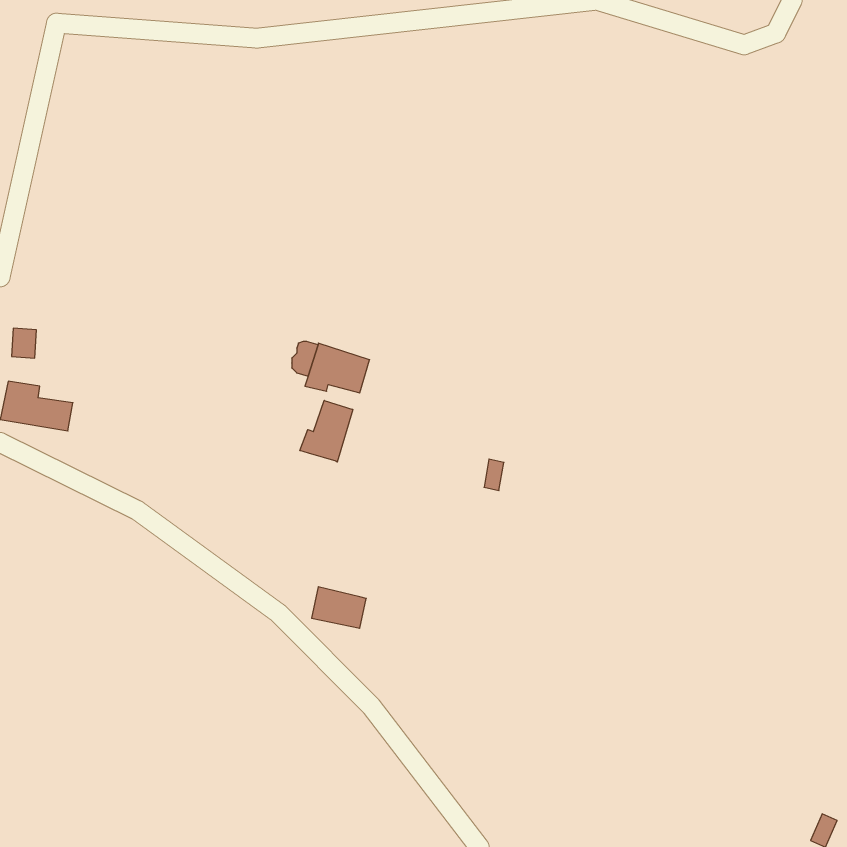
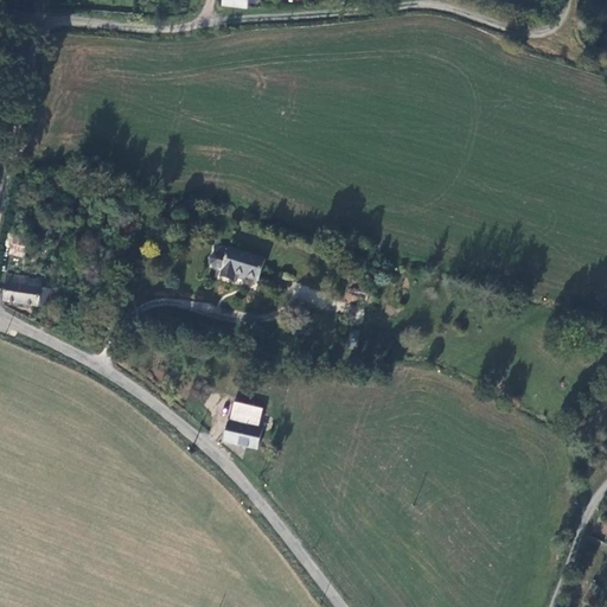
building: [300,400,353,462] -> none
building: none -> [228,401,262,427]

